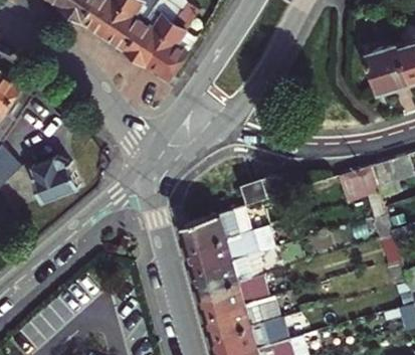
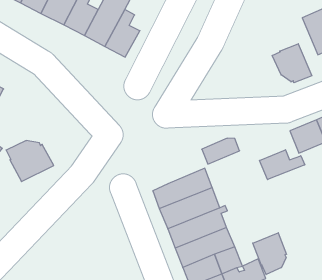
building: none -> [272,44,312,83]
building: none -> [260,150,305,180]
building: none -> [253,233,286,275]

